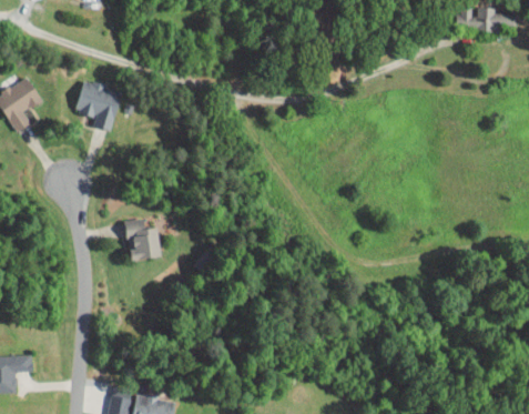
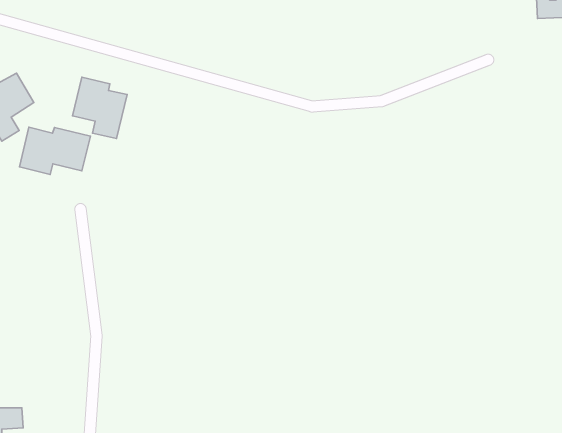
building: none -> [19,127,90,175]
building: [123,219,161,261] -> none

